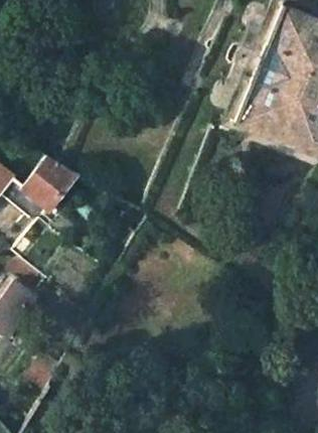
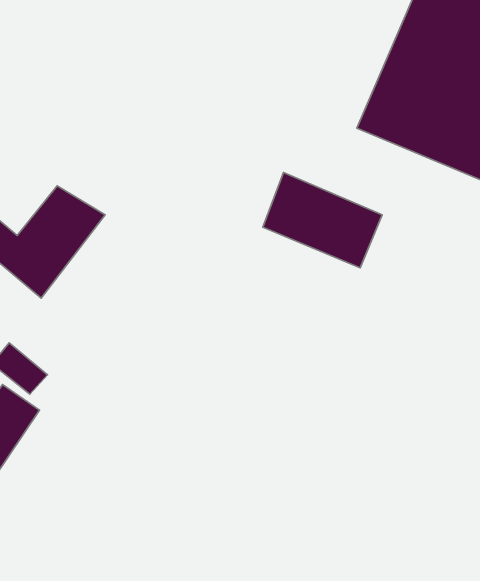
building: none -> [263,172,382,268]

